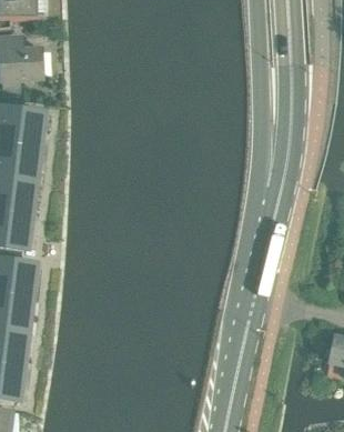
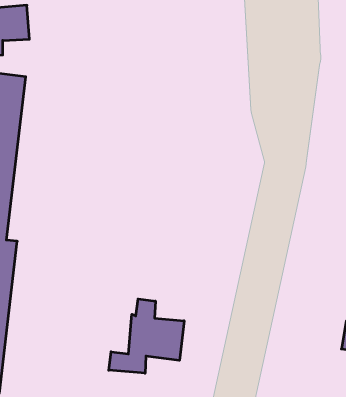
building: none -> [109,299,184,373]

